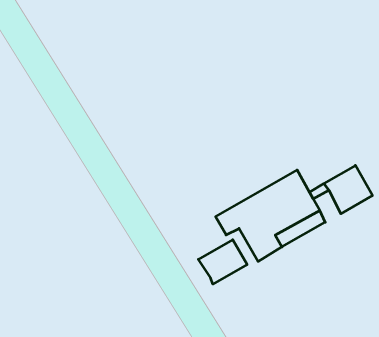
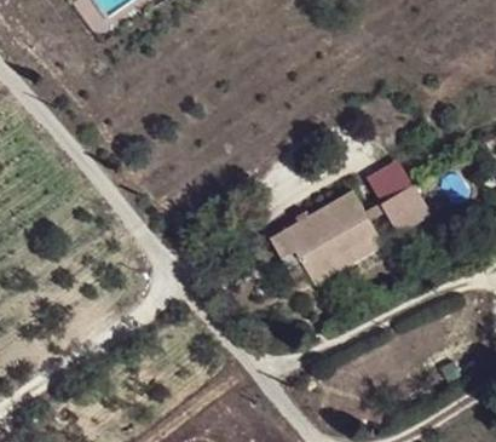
building: [198,240,247,284] -> none

